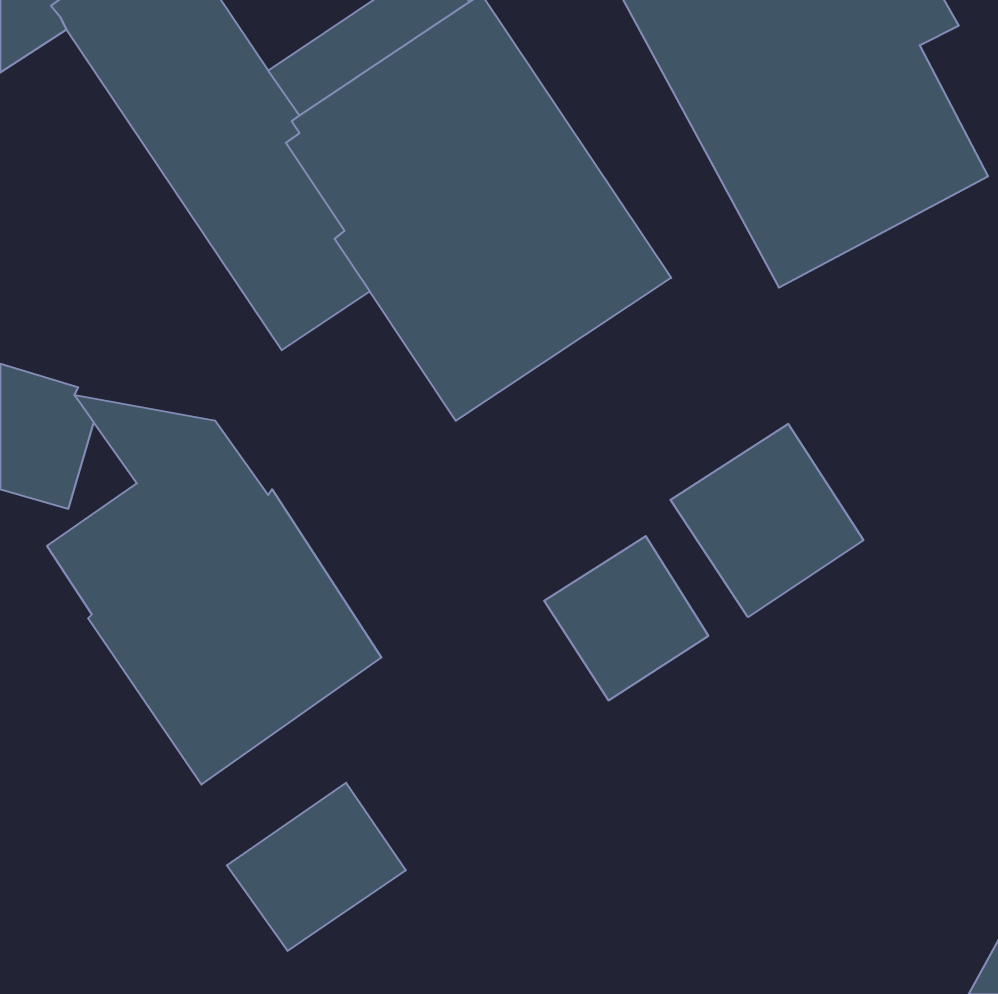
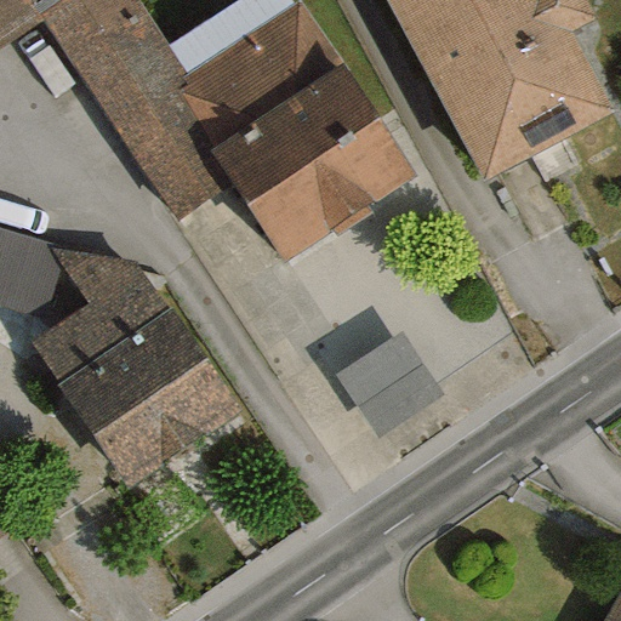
building: [670,424,863,617] -> none
building: [227,783,406,951] -> none

